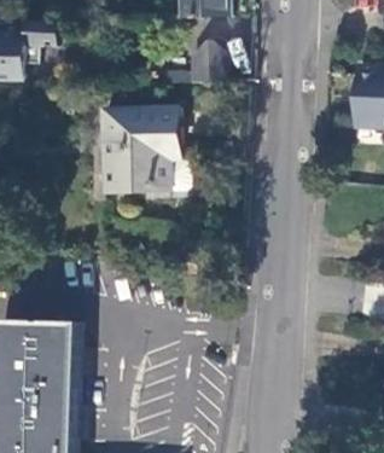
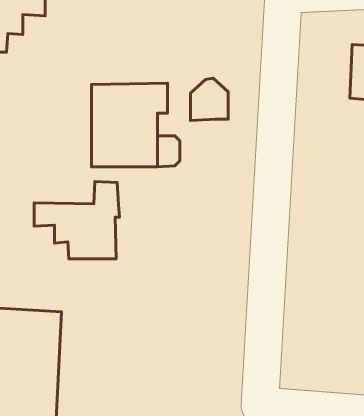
building: [191,42,227,83] -> [191,78,228,121]
building: none -> [34,181,120,259]

